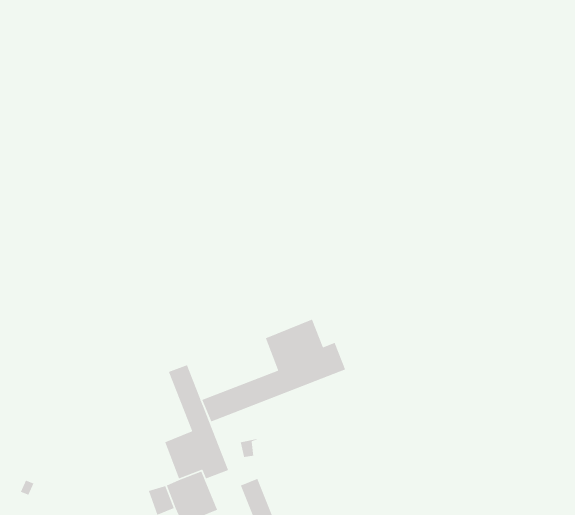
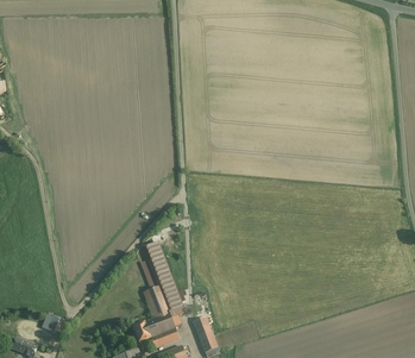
building: [201,319,346,422] -> none

